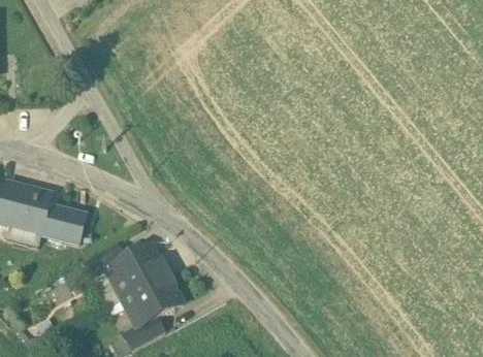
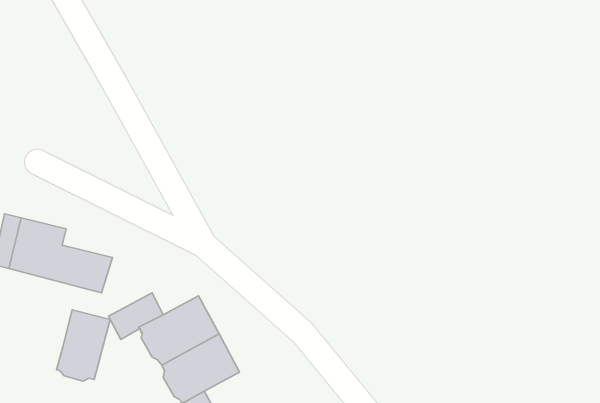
building: none -> [56,310,110,381]

